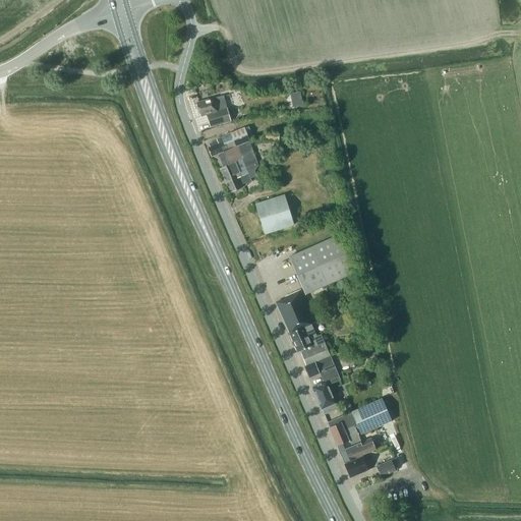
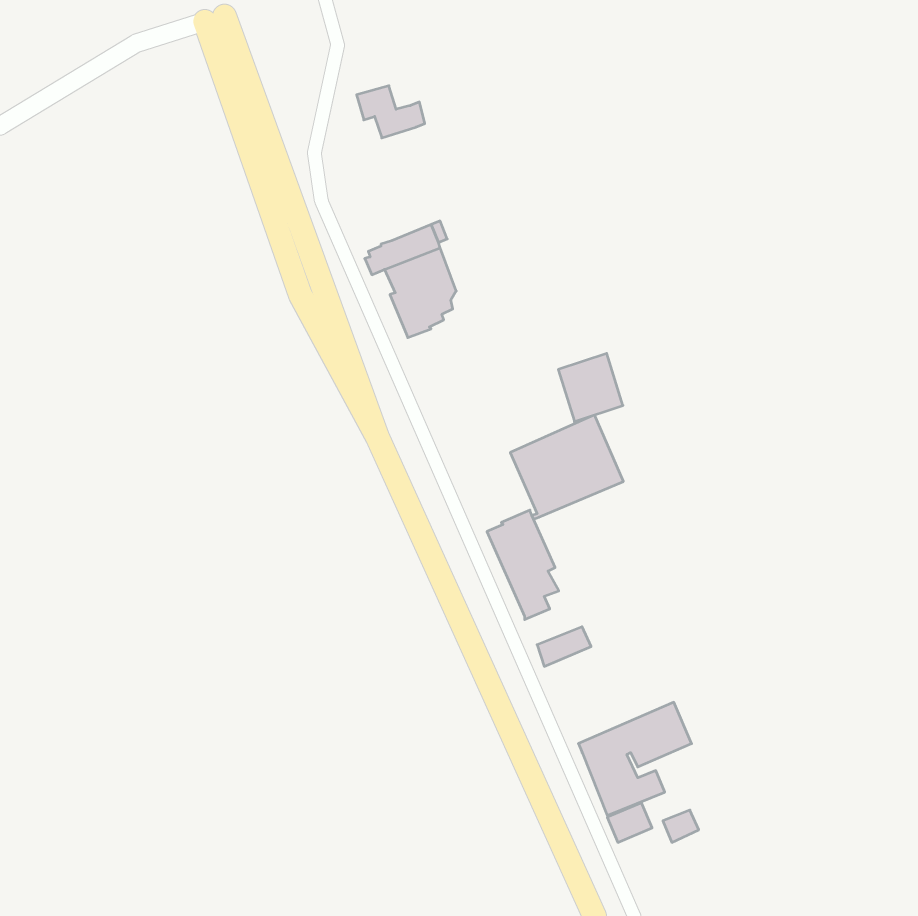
building: [196,97,235,126] -> [357,86,425,138]
building: [256,194,293,233] -> [558,353,623,422]
building: [301,334,330,364] -> none
building: [311,372,340,414] -> none

